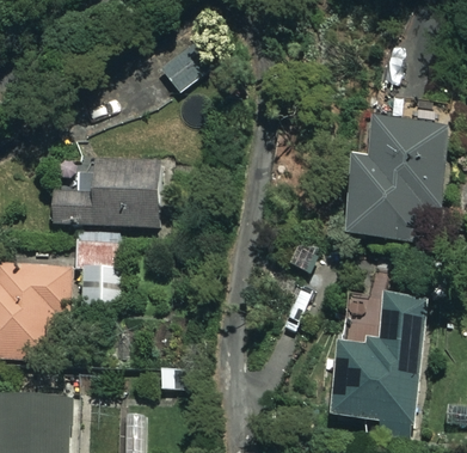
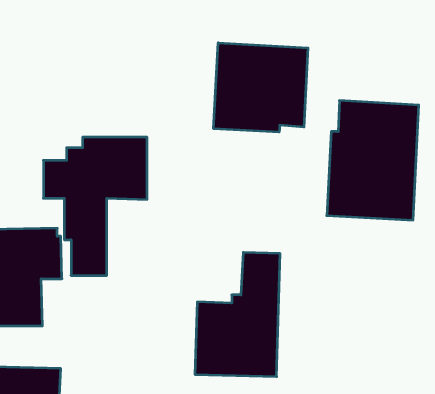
building: none -> [214,43,308,132]
building: [331,293,419,422] -> [195,252,280,377]

